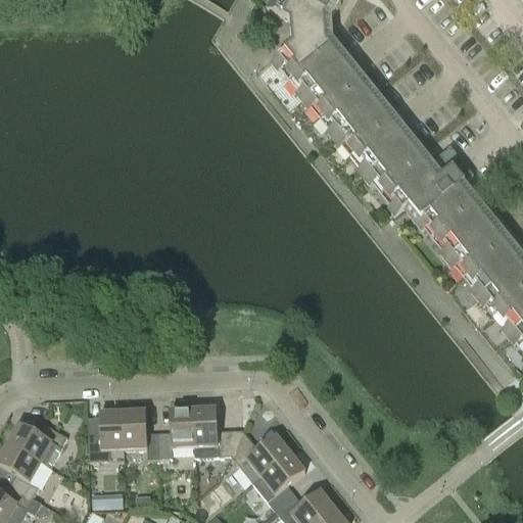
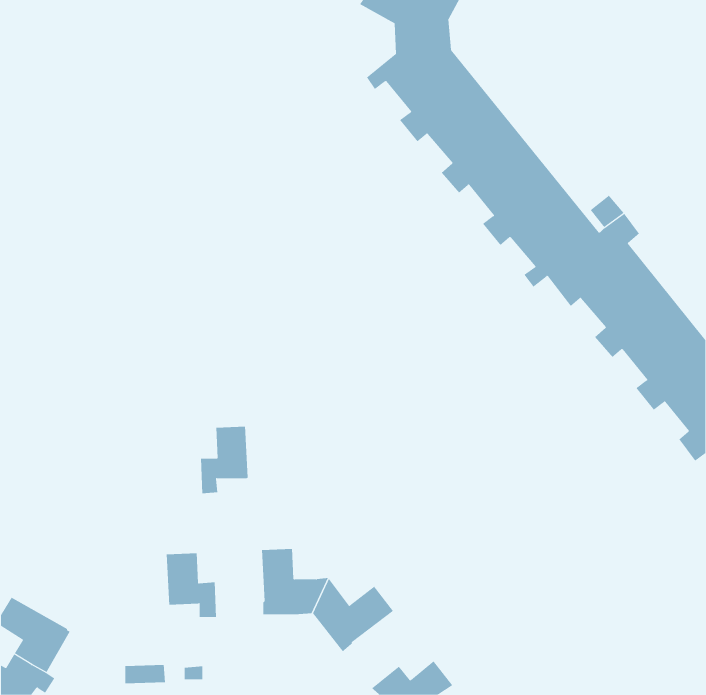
building: [159,407,195,457] -> [200,426,249,494]
building: [88,410,125,459] -> none
building: [8,421,67,465] -> none
building: [260,451,305,509] -> none

